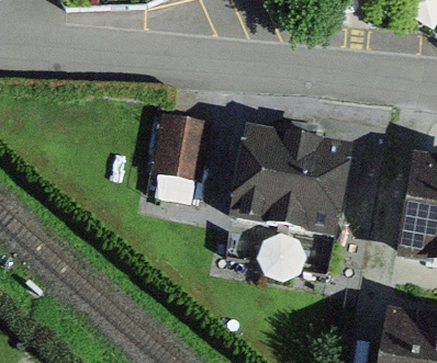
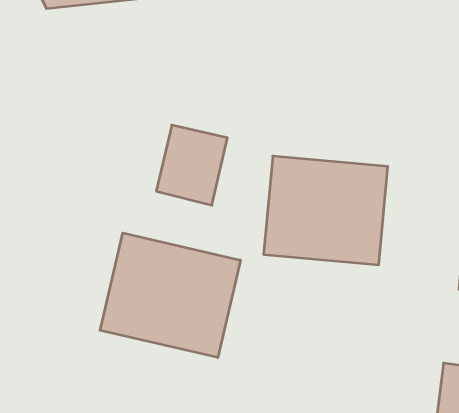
building: none -> [100,233,240,358]

